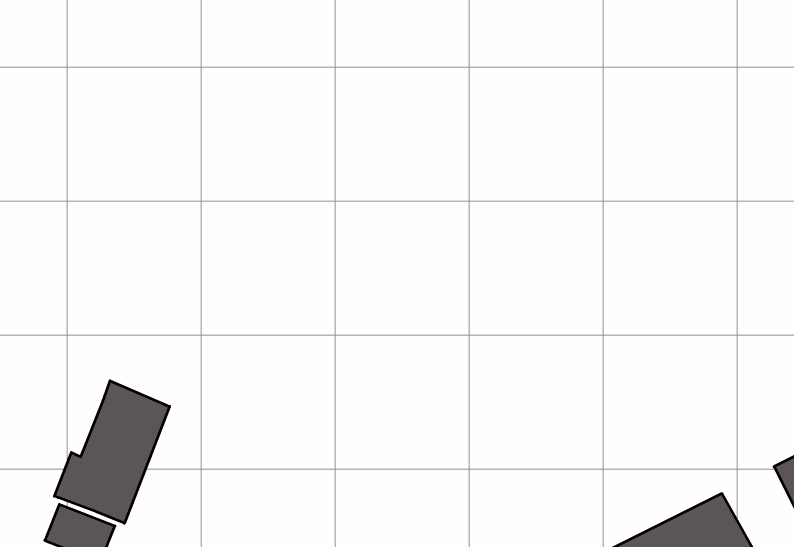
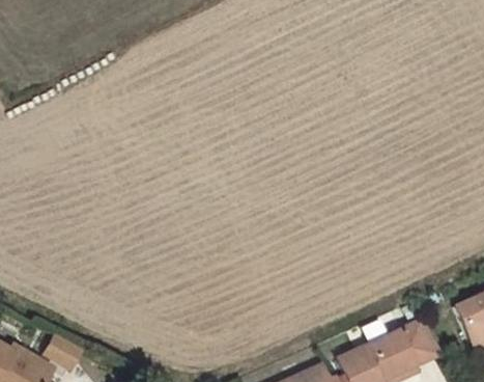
building: [54,381,170,523] -> none

